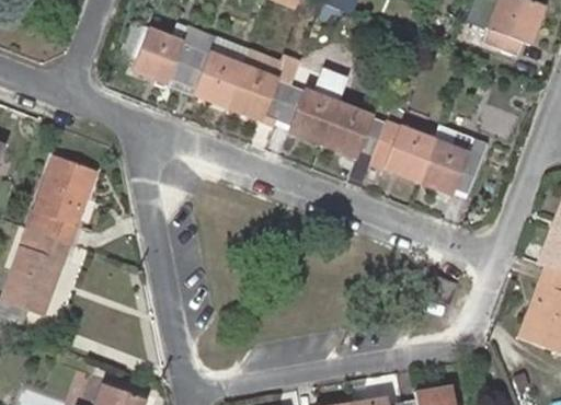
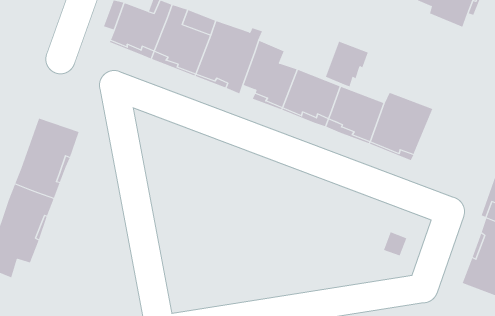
building: none -> [325,41,368,87]

